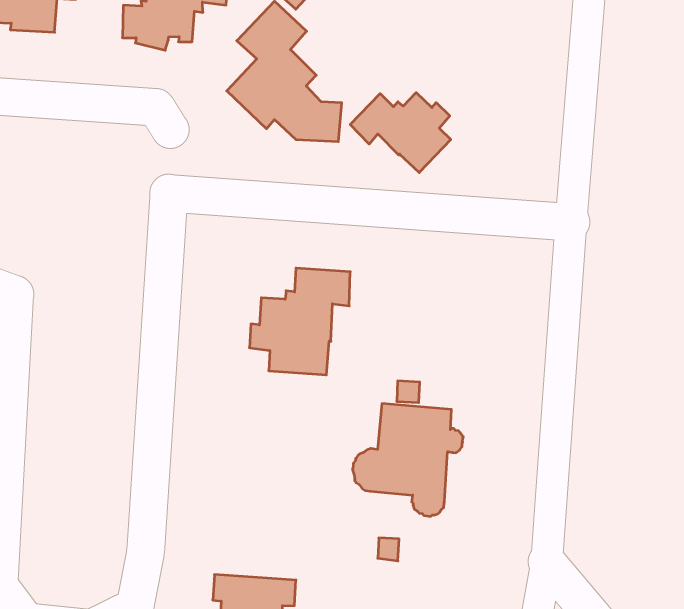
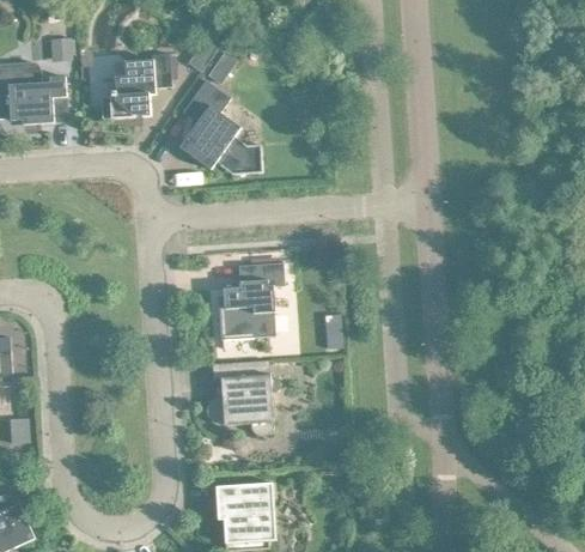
building: [350,93,451,173] -> none
building: [353,404,463,516] -> [205,359,279,436]

